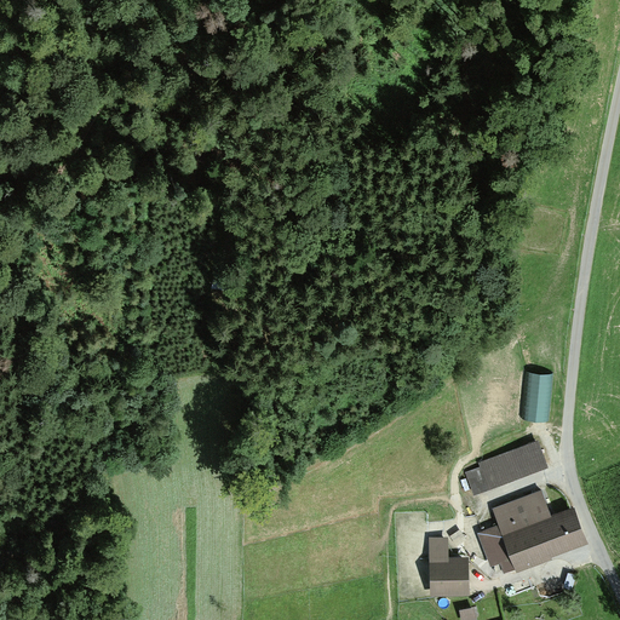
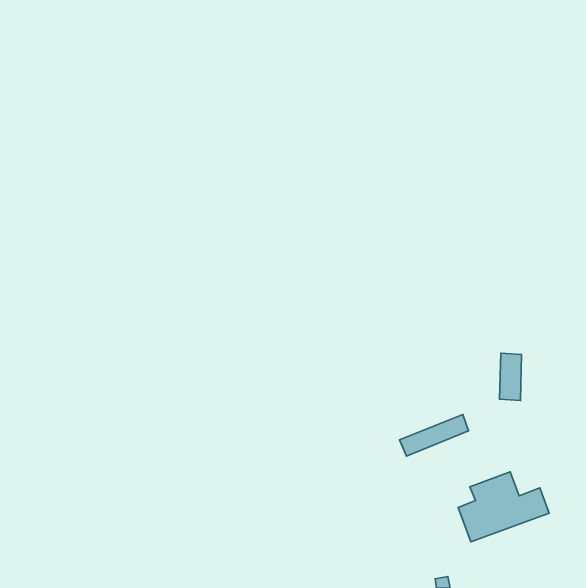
building: [469,446,541,489] -> [399,415,469,456]
building: [431,540,464,592] -> none

